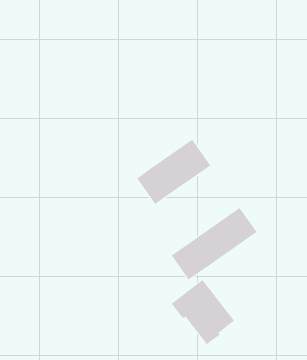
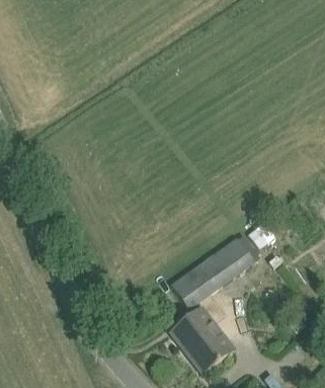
building: [136,139,211,205] -> none

